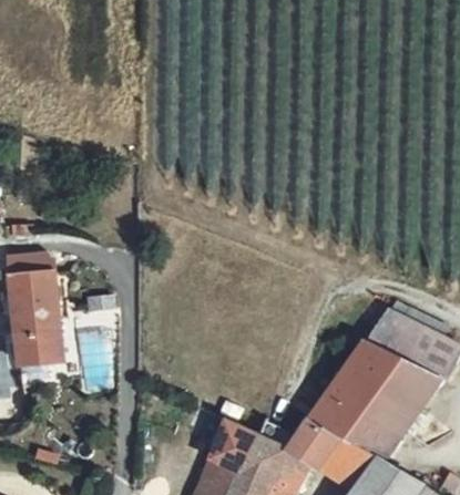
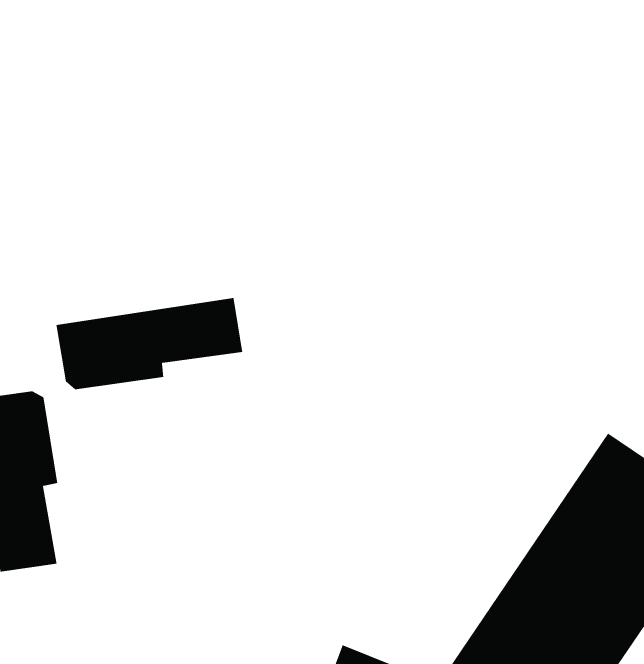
building: none -> [56,297,243,390]

